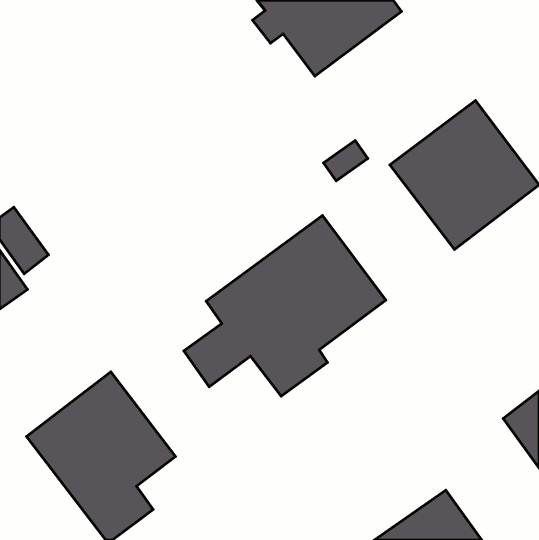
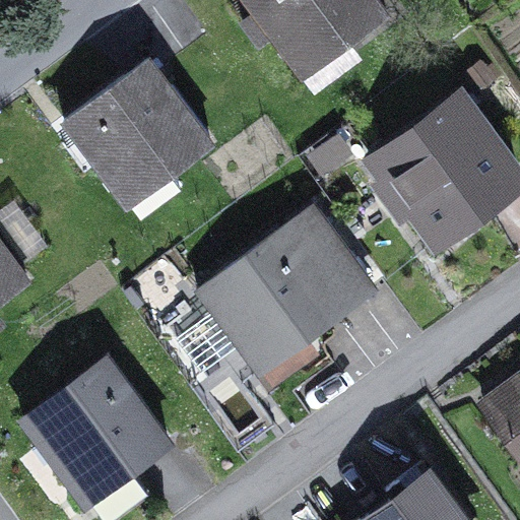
building: none -> [64,57,210,215]

